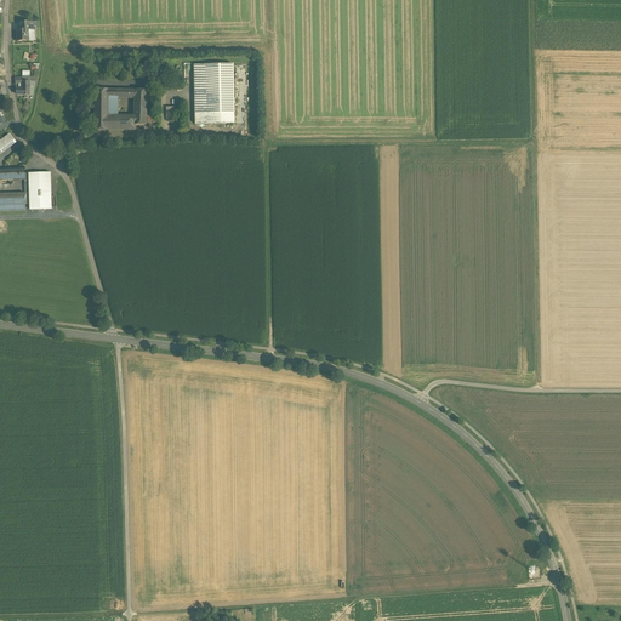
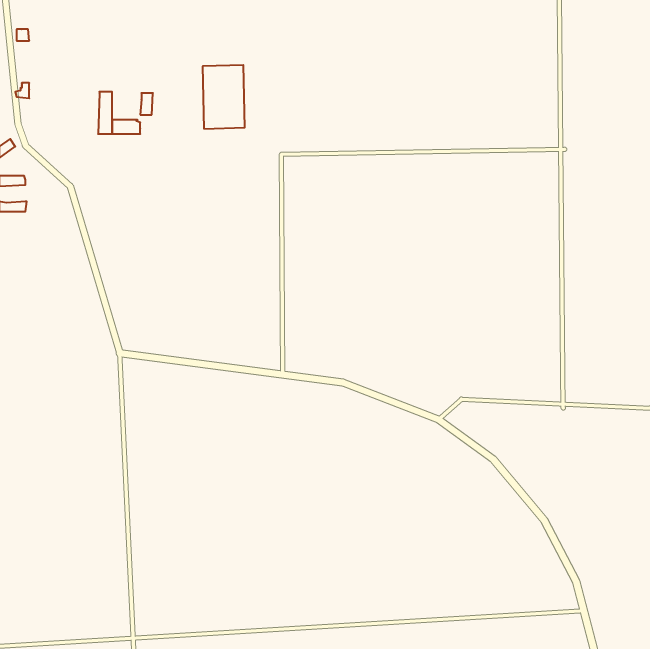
building: [28,170,51,207] -> none

